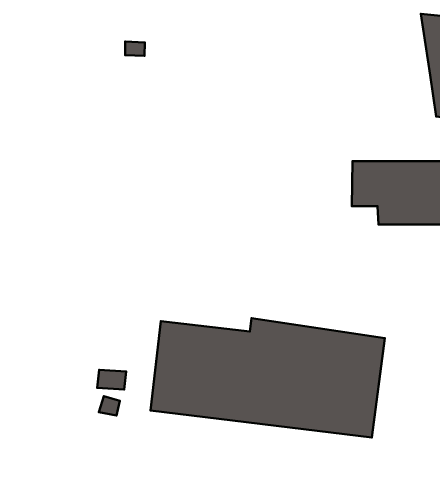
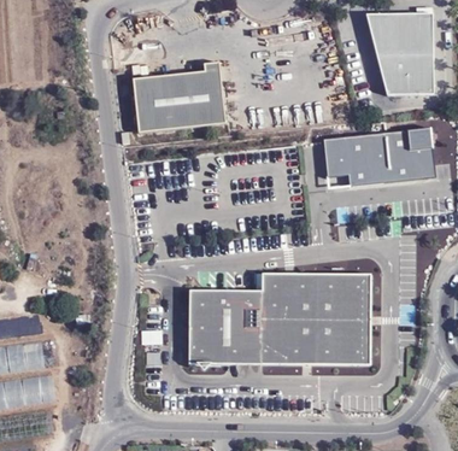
building: none -> [133,64,225,135]

